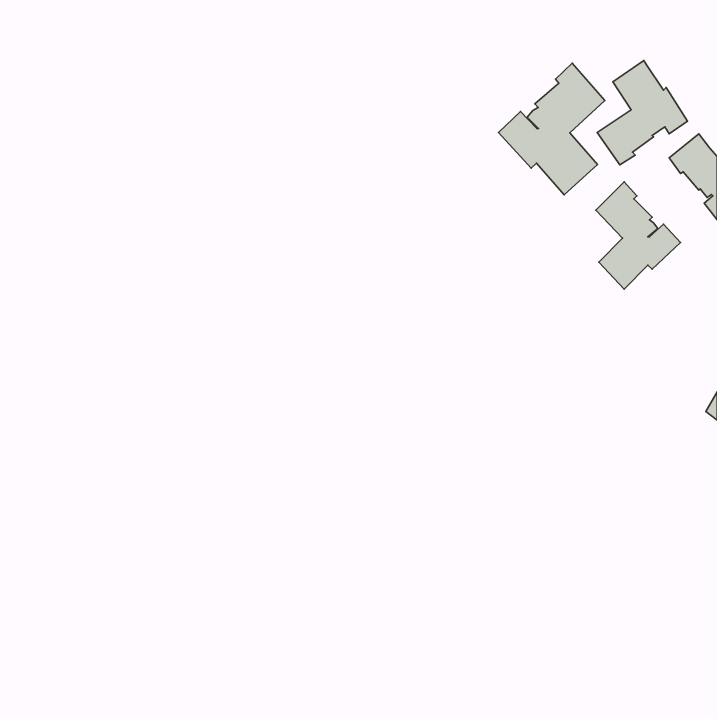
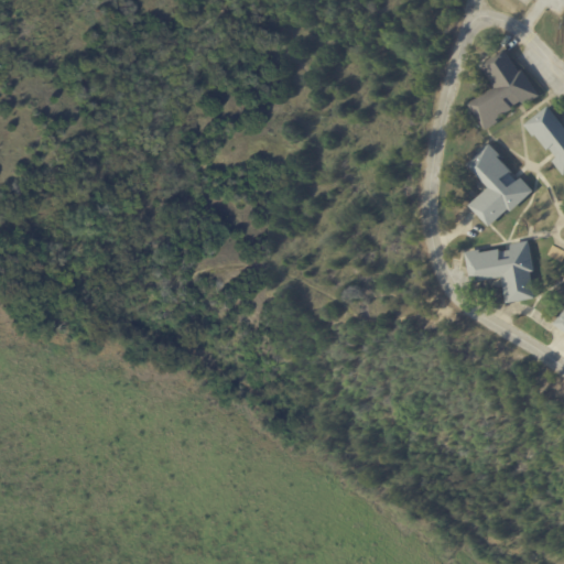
building: [498,63,605,195] -> none
building: none -> [464,239,534,302]

